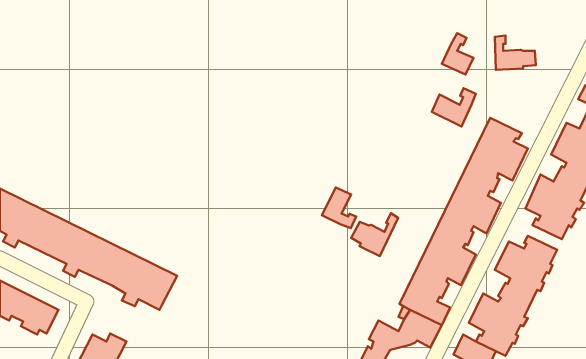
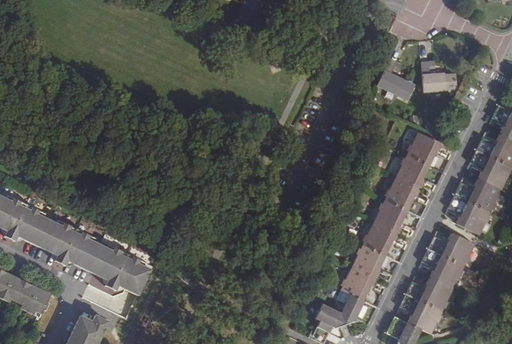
building: [432,88,476,126] -> none
building: [322,188,356,228] -> none
building: [351,213,398,256] -> none

